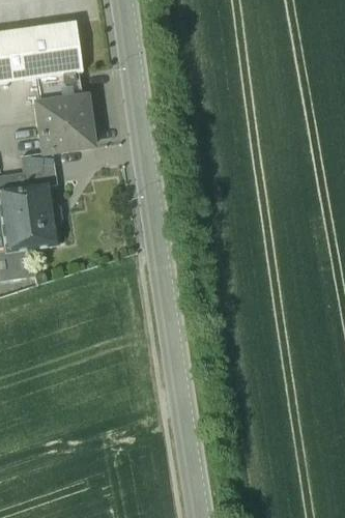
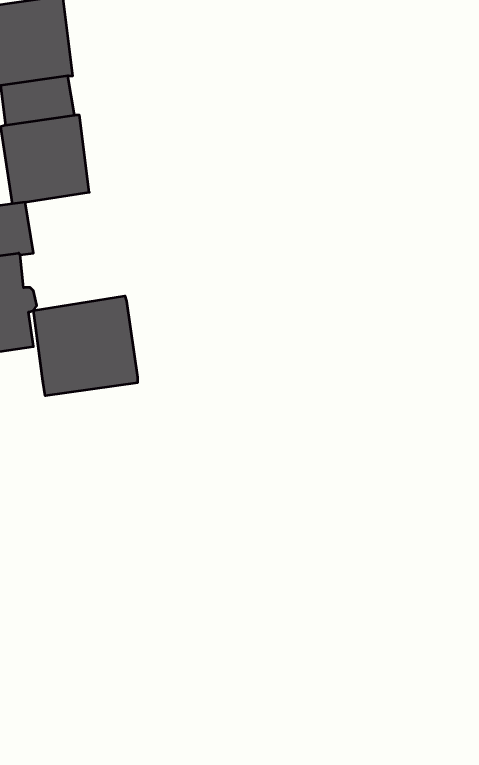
building: none -> [33,296,138,396]

